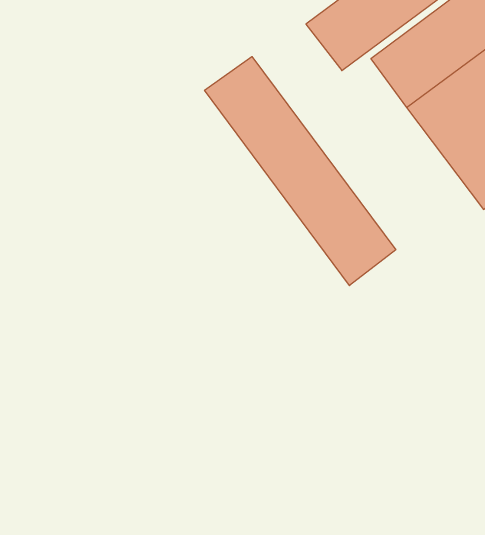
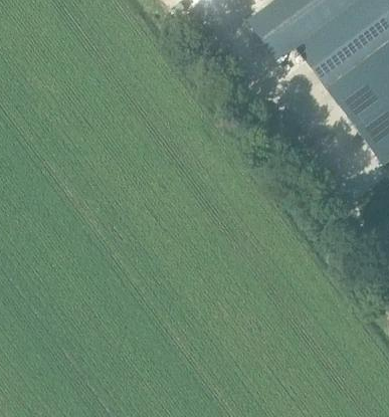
building: [205,57,396,286] -> none

